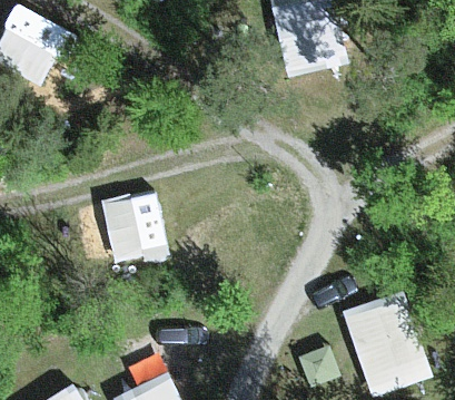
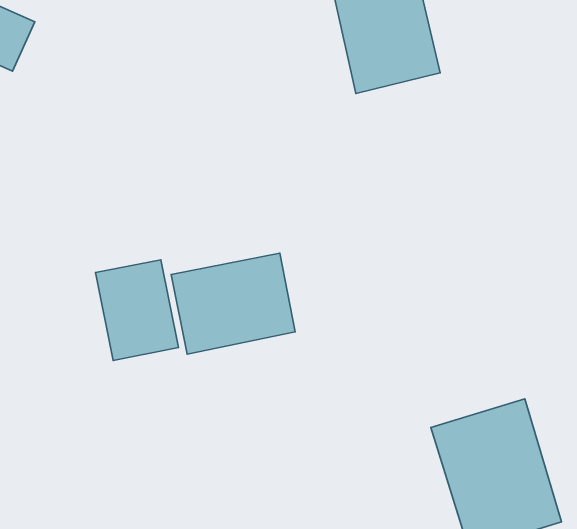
building: none -> [171,253,295,354]

